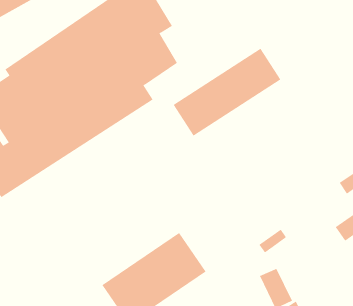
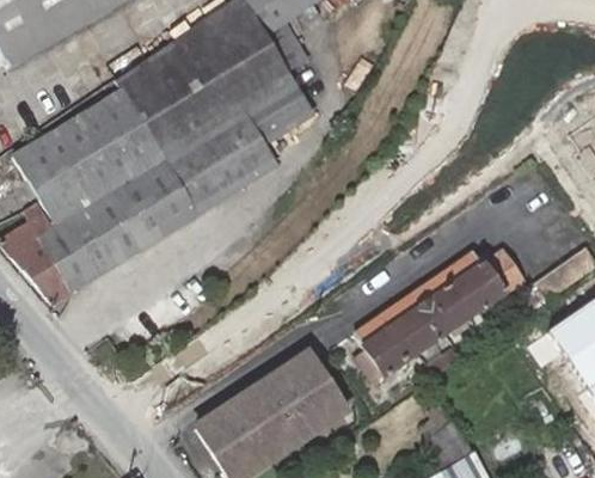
building: [173,48,281,137] -> none
building: none -> [357,251,522,370]

